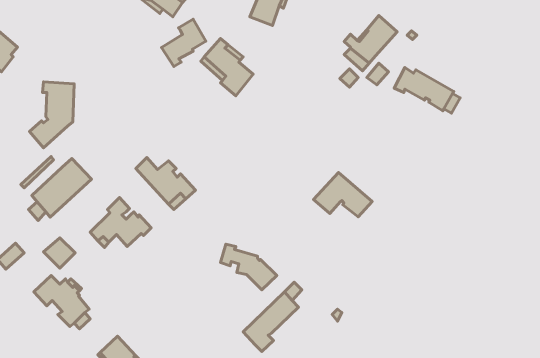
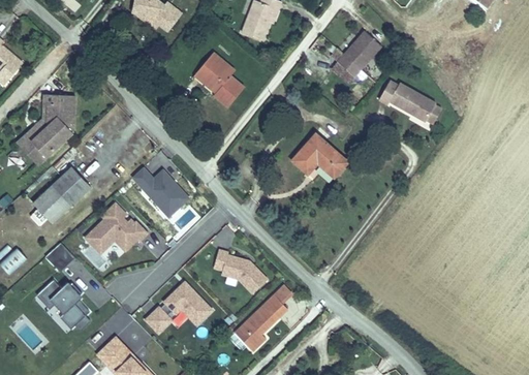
building: [162,19,206,67] -> none
building: none -> [18,104,49,163]
building: [314,172,372,217] -> [291,134,347,177]
building: none -> [145,283,212,332]

